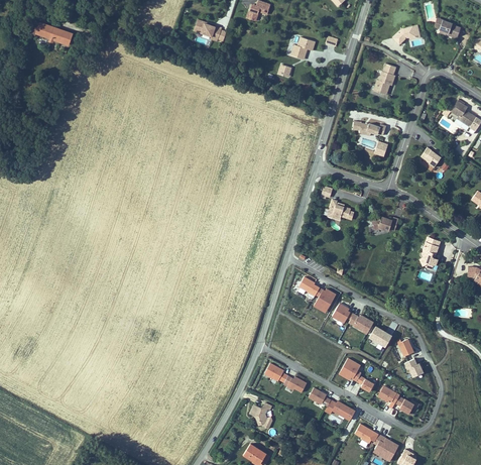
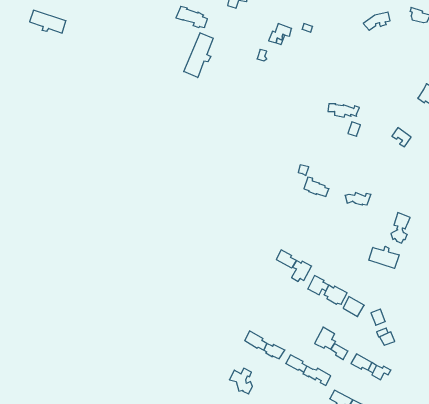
building: none -> [184,33,213,78]
building: [373,64,396,94] -> none
building: none -> [369,246,399,268]

